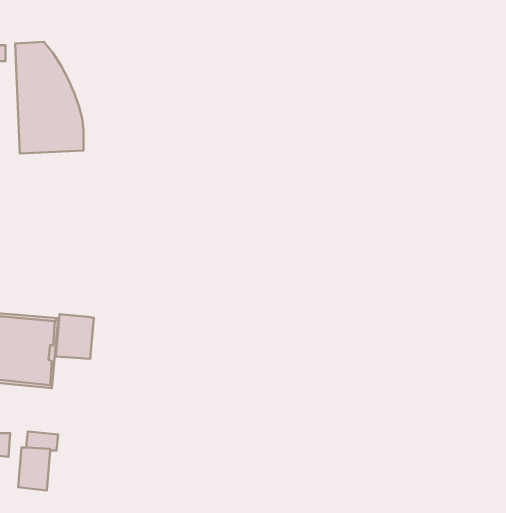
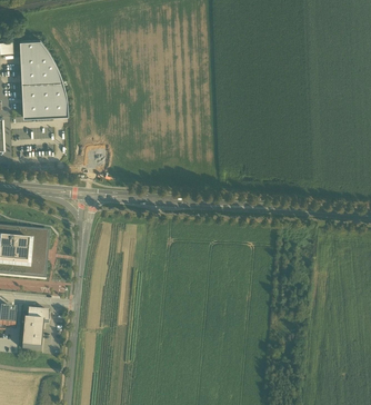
building: [56,314,94,359] -> none

